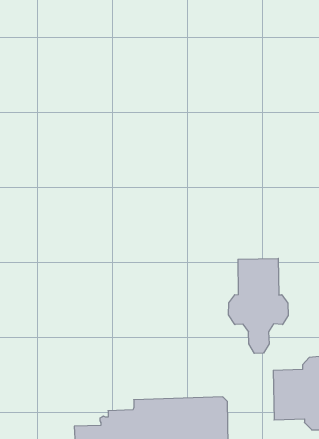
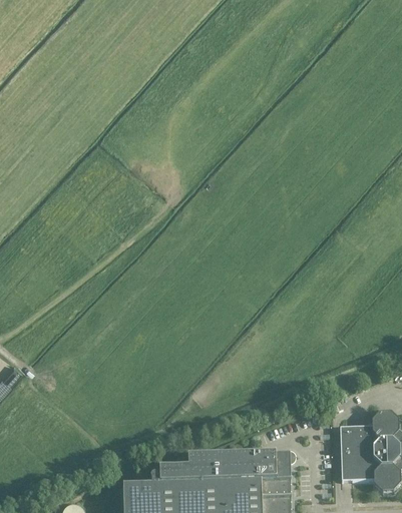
building: [229,258,288,353] -> none

